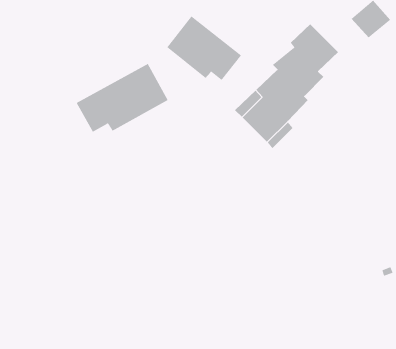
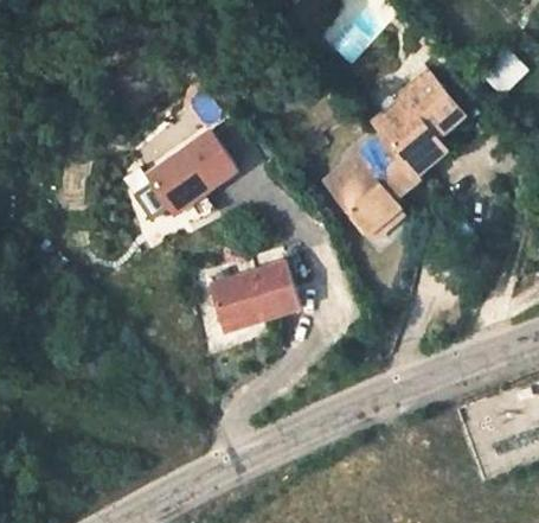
building: [166,16,242,81] -> none
building: none -> [205,260,293,327]

